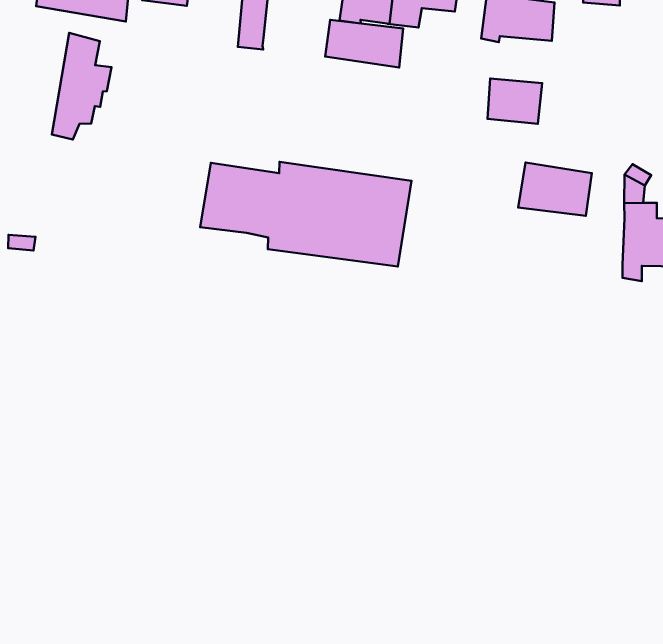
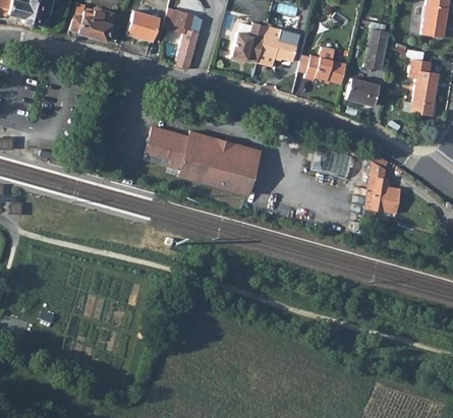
building: [325,20,403,67] -> none
building: [52,33,111,139] -> none
building: [488,78,542,124] -> [347,77,379,105]

